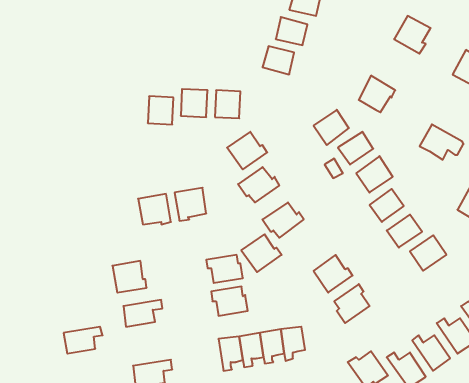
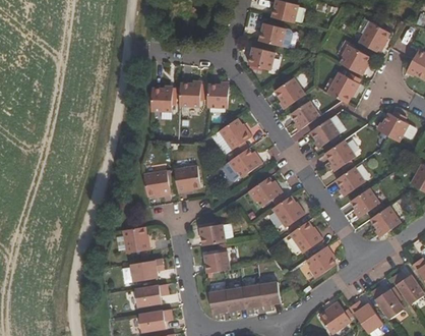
building: none -> [340,43,368,74]
building: none -> [274,77,305,108]
building: [241,234,282,272] -> [271,195,305,227]
building: [64,327,103,354] -> [135,284,168,306]

